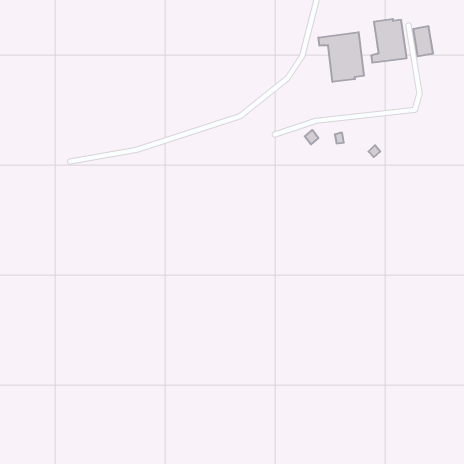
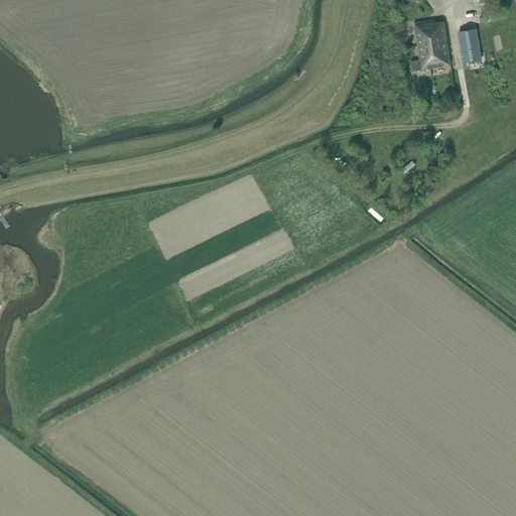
building: [318,32,364,82] -> none

